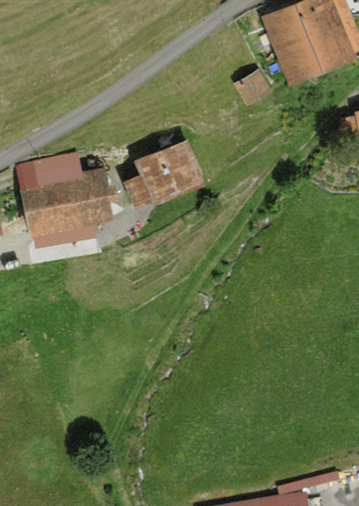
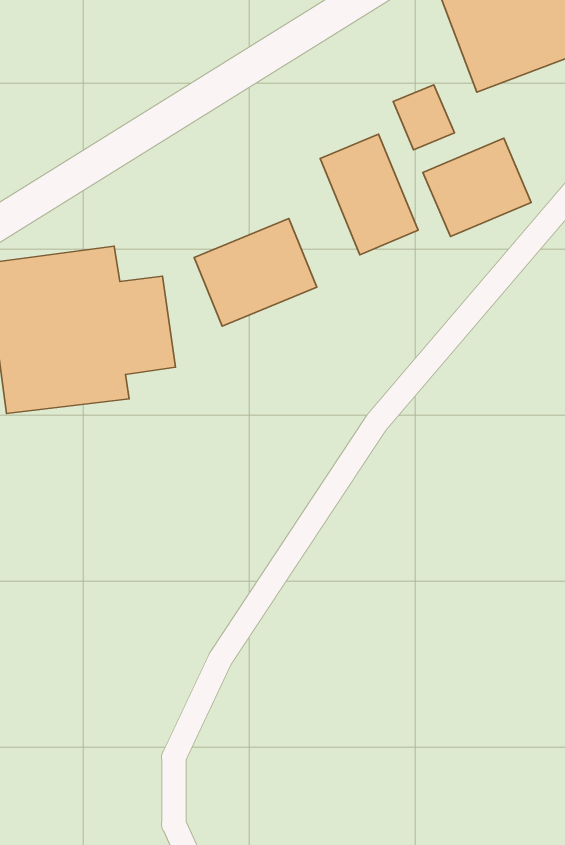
building: none -> [320,134,418,255]
building: none -> [423,138,531,237]

